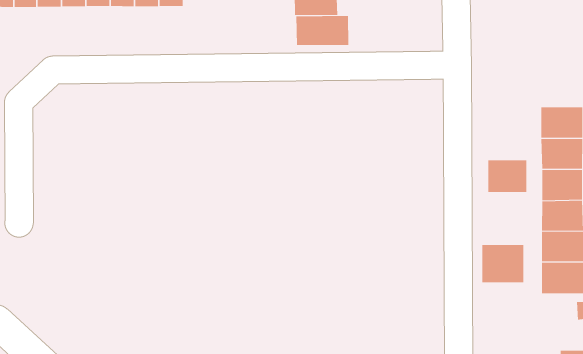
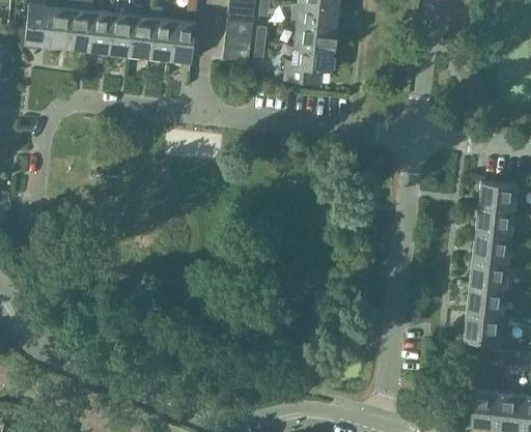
building: [296,15,349,46] -> none
building: [488,159,527,193] -> none
building: [482,244,524,283] -> none

